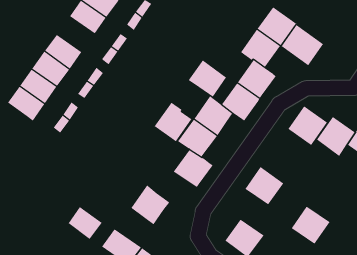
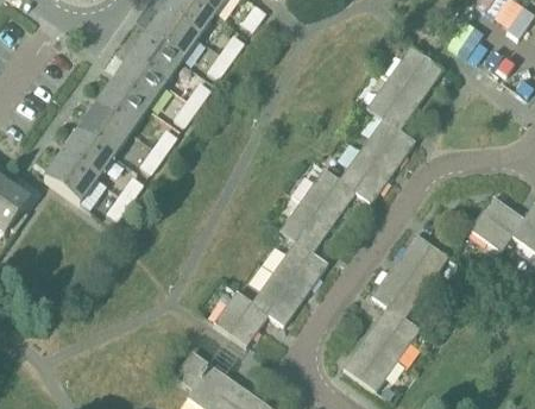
building: none -> [112,57,165,107]
building: [281,24,324,66] -> none
building: [188,60,227,97] -> none
building: [154,102,192,142] -> none
building: [287,105,328,146] -> [392,232,448,288]
building: none -> [251,271,306,325]
building: [291,206,330,245] -> [365,306,420,359]
building: [68,206,103,240] -> none

